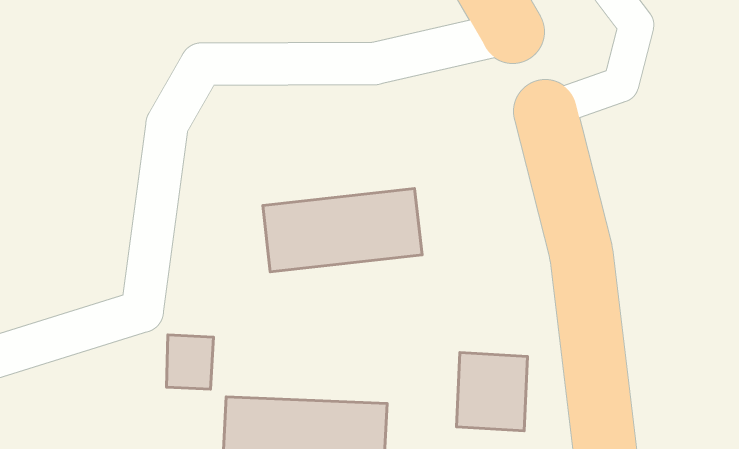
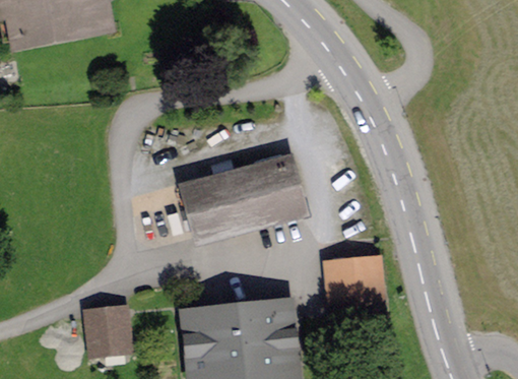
building: [166,335,214,389] -> [89,308,122,344]

